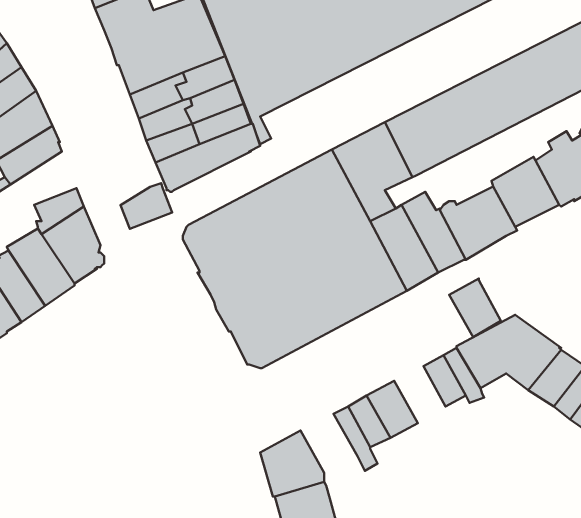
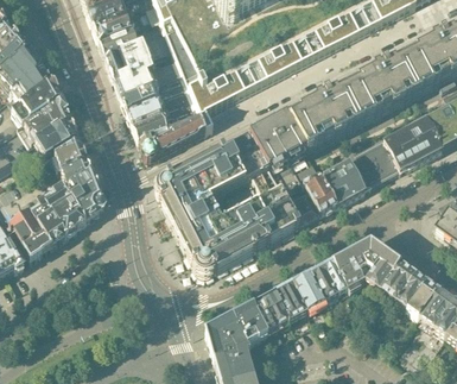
building: [121,183,172,229] -> [52,136,85,165]
building: [449,278,501,337] -> [291,269,324,307]
building: none -> [230,301,267,339]

